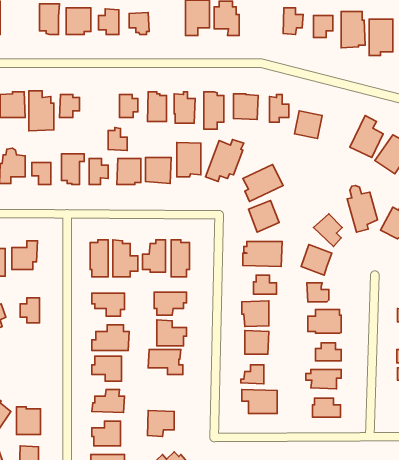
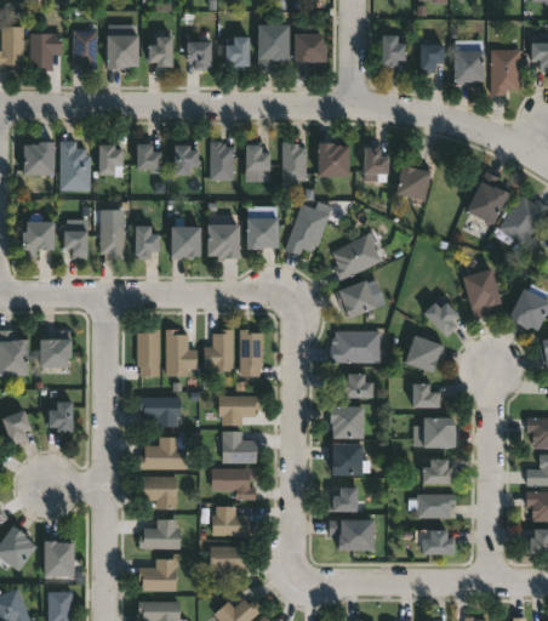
building: none -> [30,33,61,69]
building: none -> [226,35,250,68]
building: [108,128,127,150] -> [137,139,161,169]
building: none -> [212,506,253,535]

